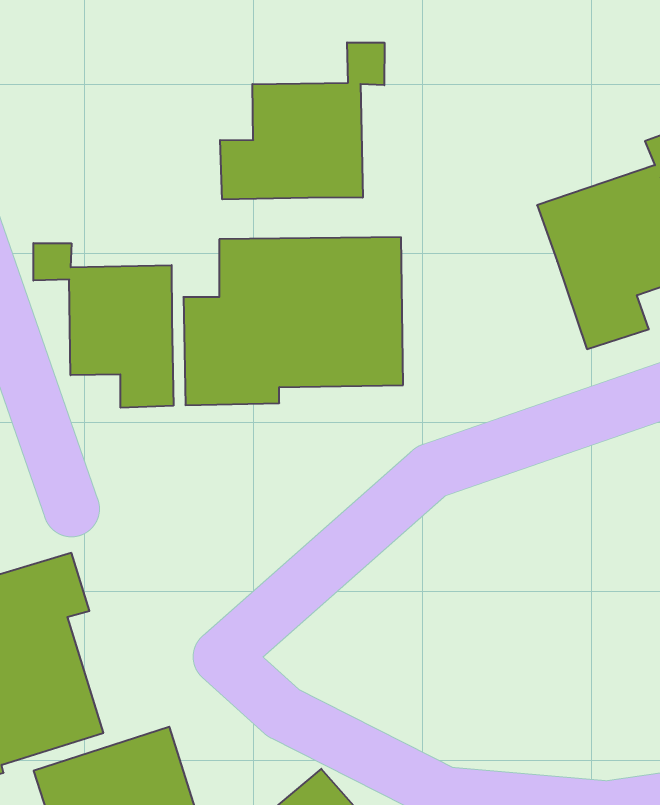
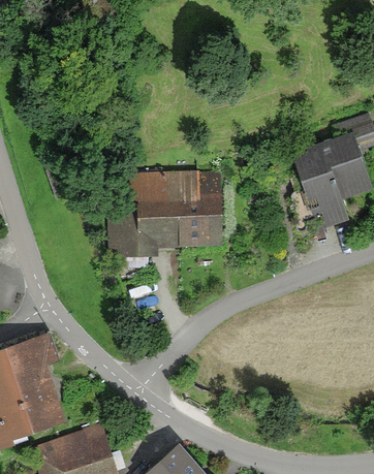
building: [220,42,384,199] -> none
building: [33,243,173,408] -> none

